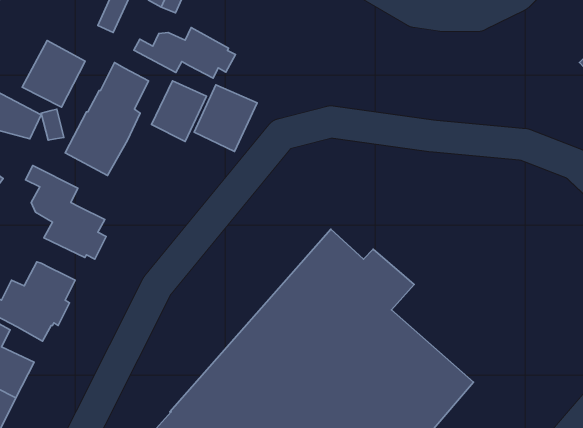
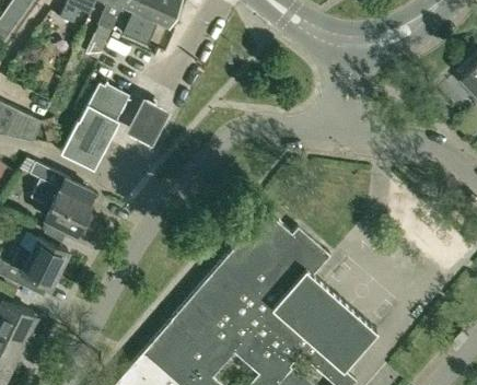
building: [134,28,235,78] -> none
building: [22,40,85,107] -> none
building: [194,85,257,151] -> none

